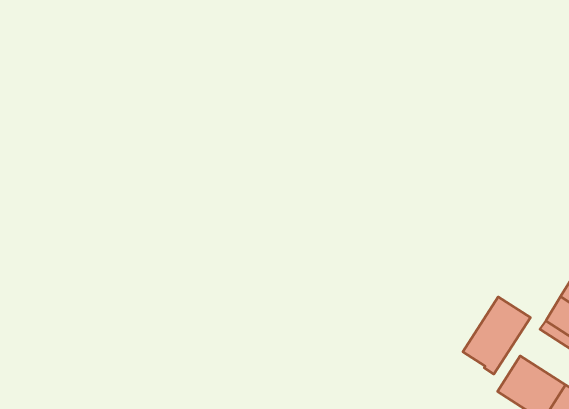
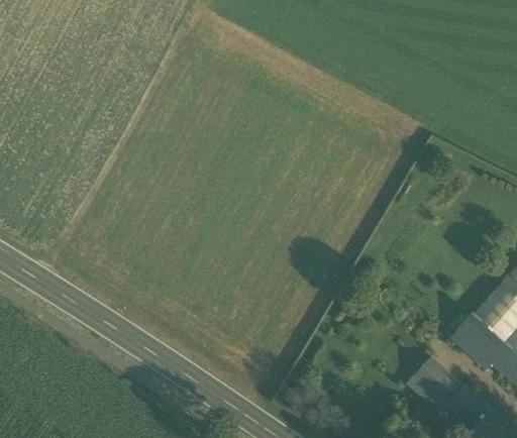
building: [463,297,530,374] -> none

